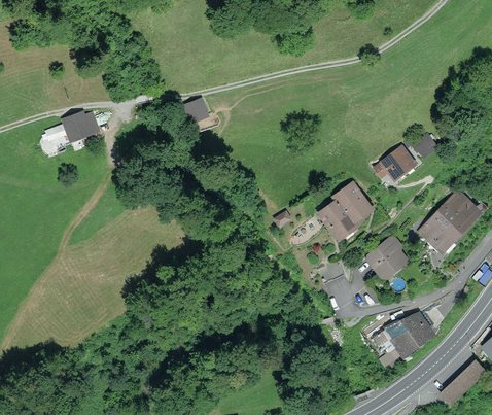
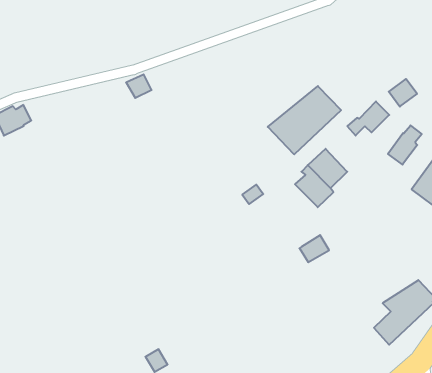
building: none -> [268,86,341,154]
building: none -> [388,125,422,165]
building: [368,241,403,275] -> none

